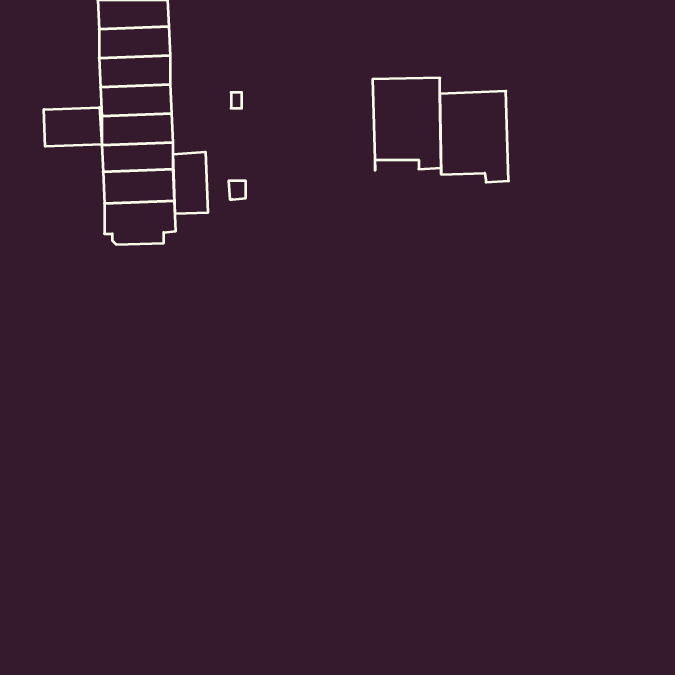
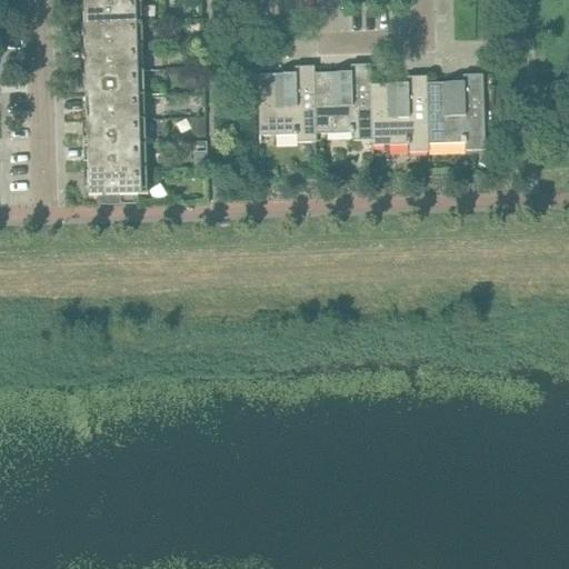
building: none -> [257,67,316,143]
building: none -> [426,76,485,152]
building: [44,107,102,146] -> none
building: [173,152,208,214] -> none

